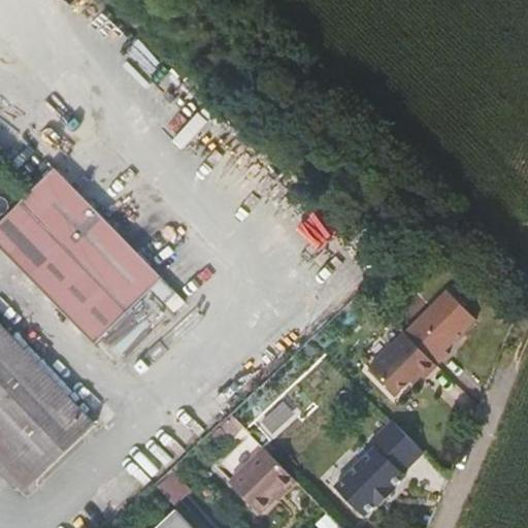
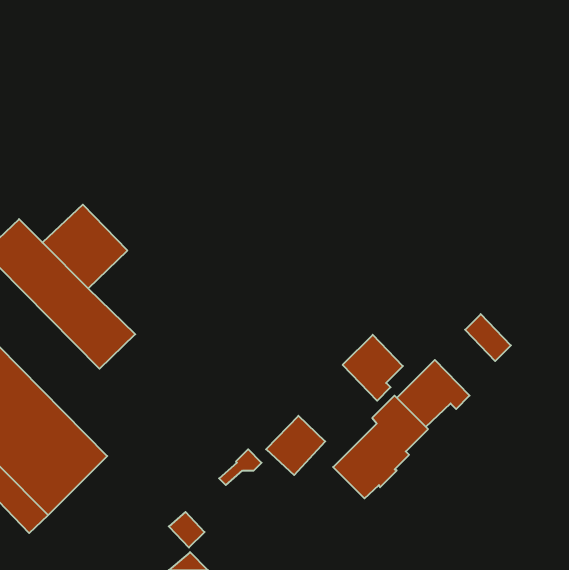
building: [18,168,76,224] -> none
building: [81,231,162,310] -> none
building: [401,304,457,365] -> [343,335,403,401]
building: [334,421,422,516] -> [333,396,428,498]
building: [229,449,294,514] -> none

